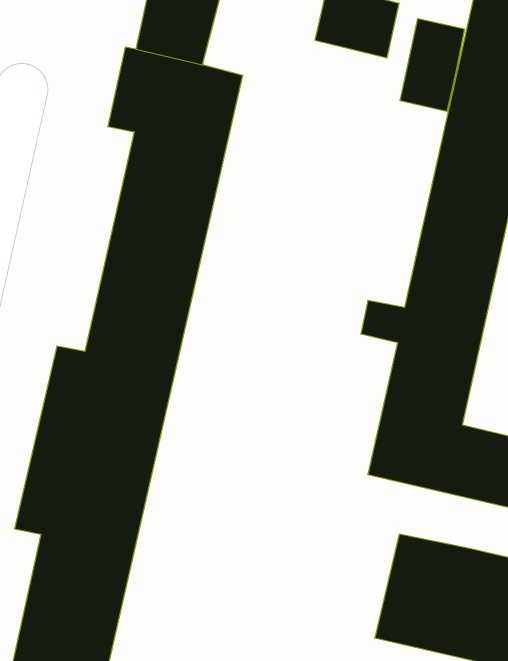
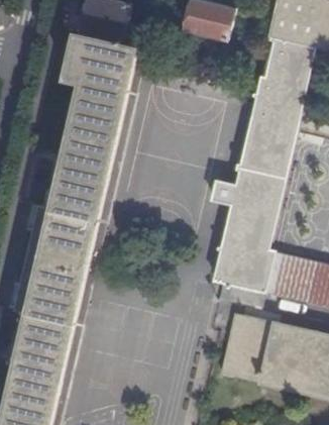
building: [400,18,464,111] -> none

